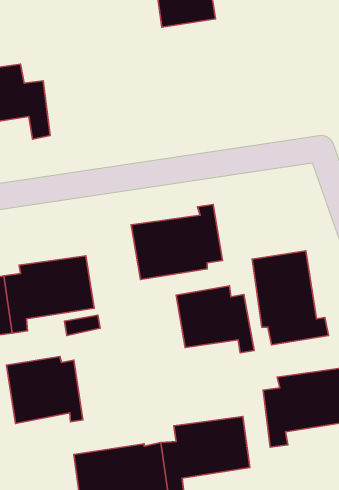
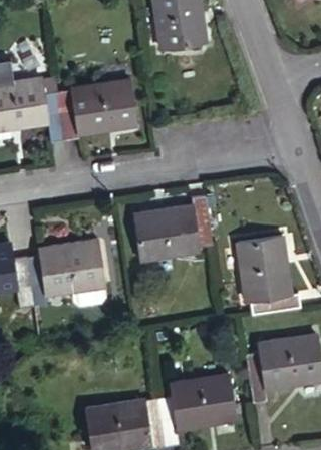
building: none -> [60,81,136,139]
building: [176,286,254,353] -> none
building: [7,356,83,424] -> none

